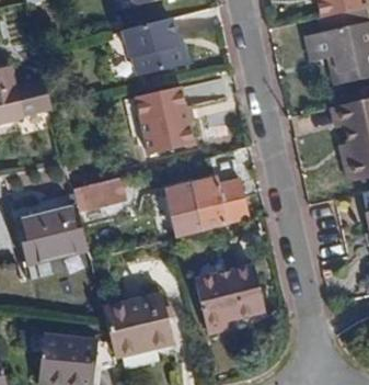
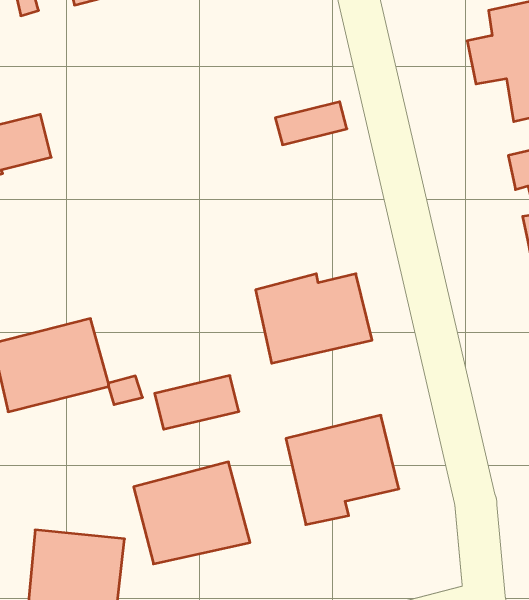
building: [120,19,184,77] -> none
building: [134,87,200,151] -> none
building: [73,178,125,211] -> [155,376,239,429]

